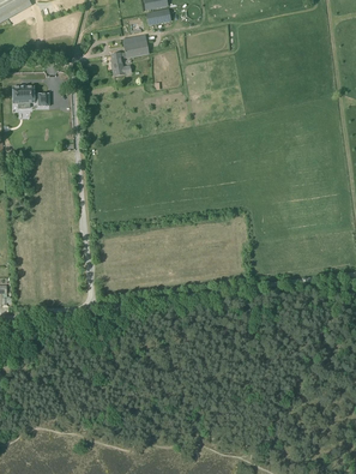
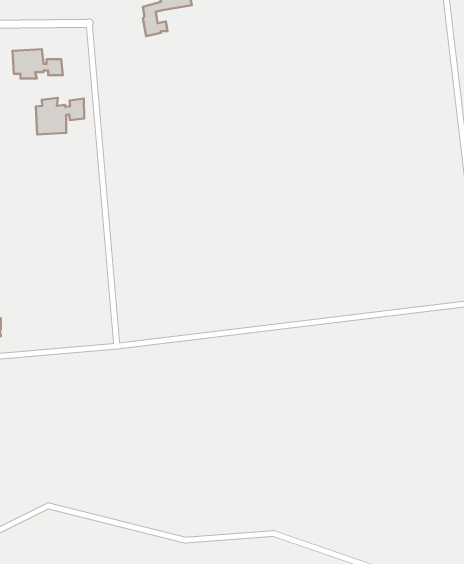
building: none -> [36,98,84,134]

